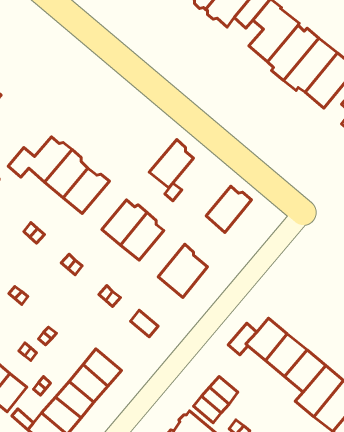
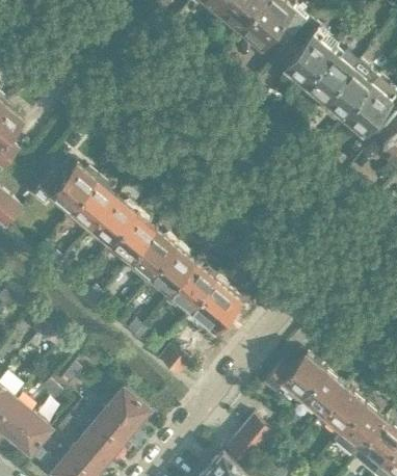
building: [149,140,194,188] -> [109,211,156,262]
building: [206,186,251,233] -> [169,263,217,312]

